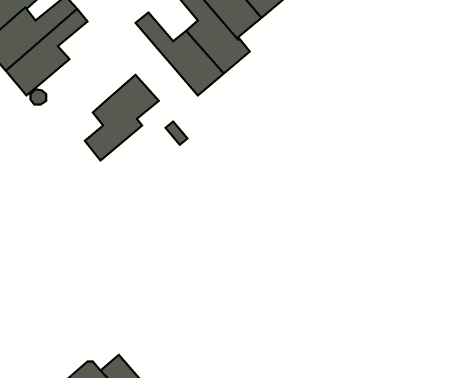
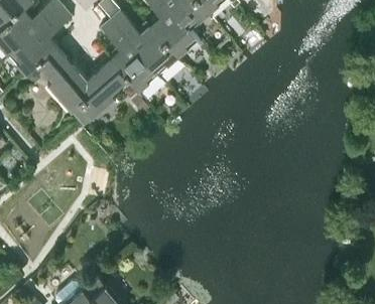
building: none -> [100,19,158,93]
building: none -> [38,47,87,111]

